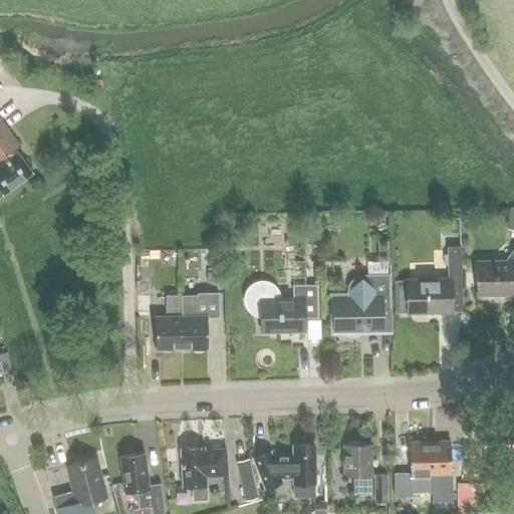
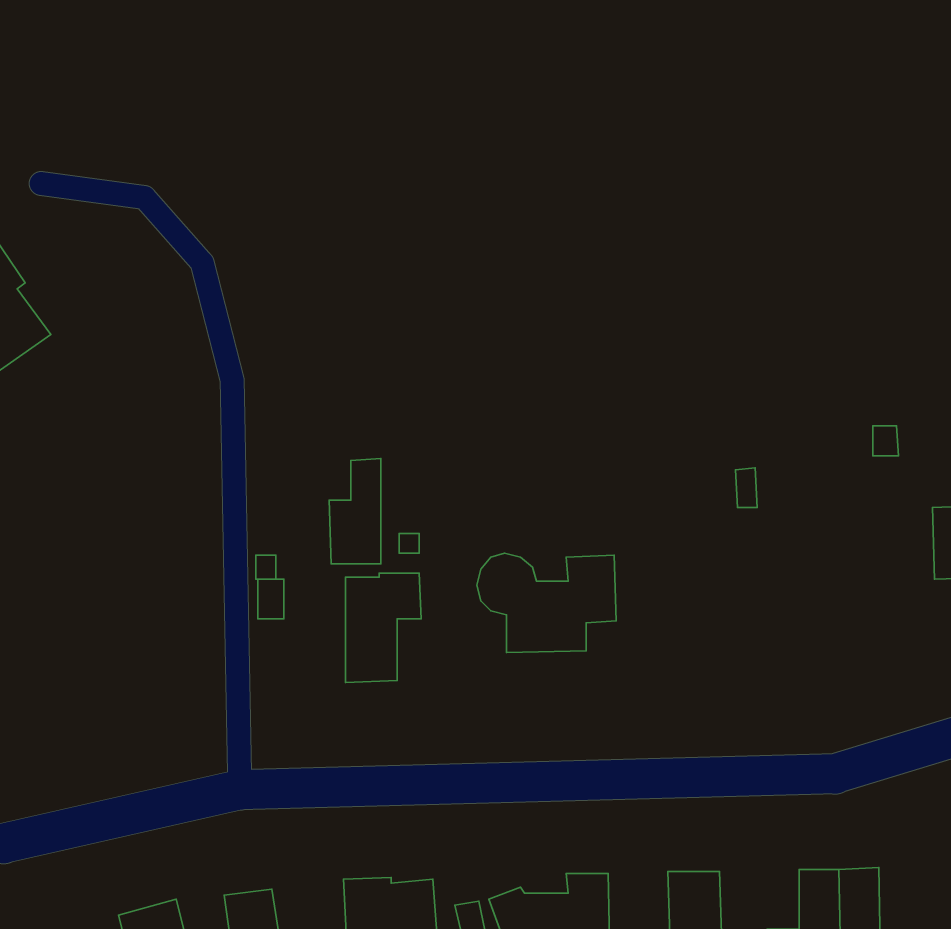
building: [408,246,462,314] -> none
building: [338,276,392,331] -> none
building: [155,295,181,348] -> [329,458,381,564]

